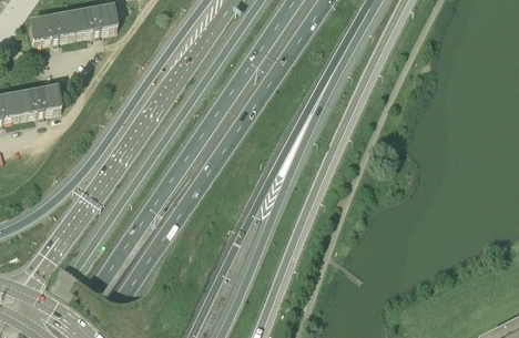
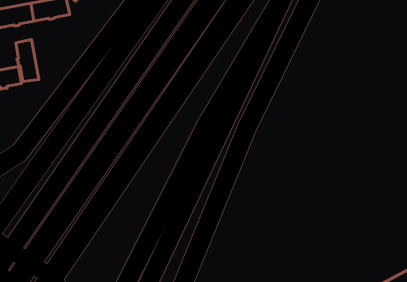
building: none -> [16,40,39,82]

